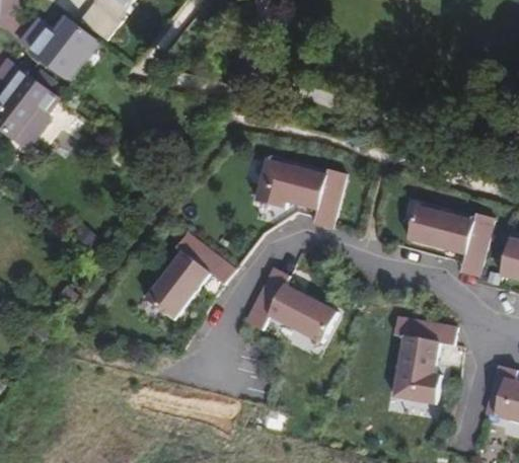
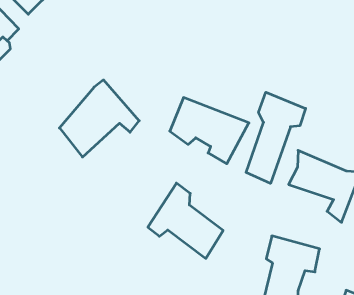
building: none -> [246,92,306,183]
building: [142,225,237,321] -> [59,80,139,157]

